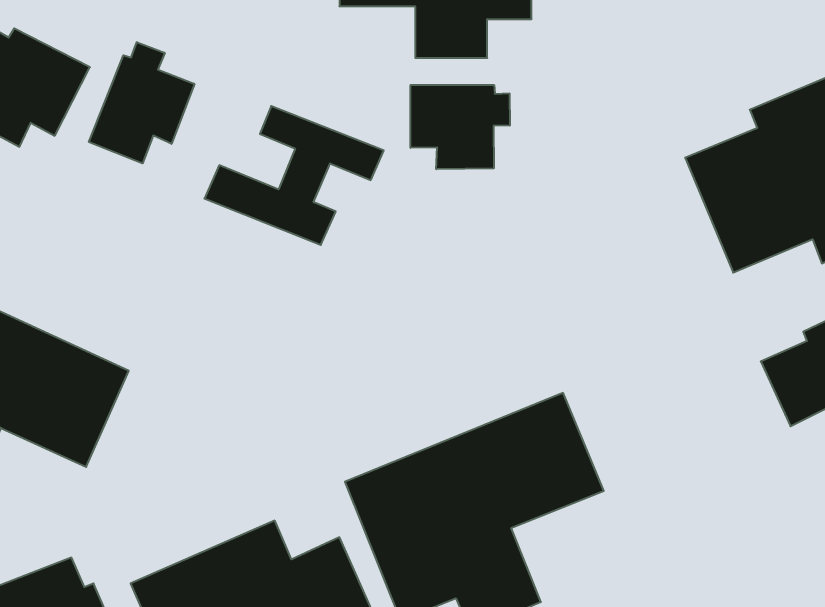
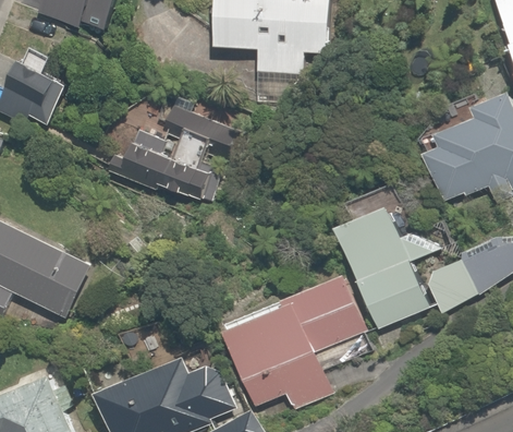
building: [89,42,194,163] -> none
building: [411,85,510,169] -> none
building: none -> [331,207,442,331]
building: none -> [418,256,479,314]

